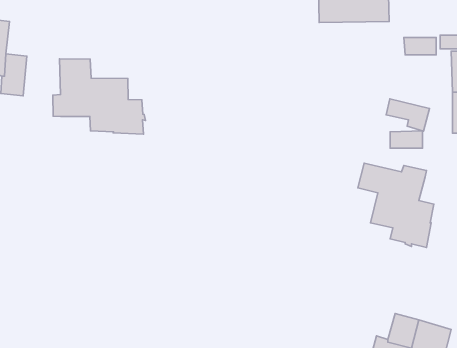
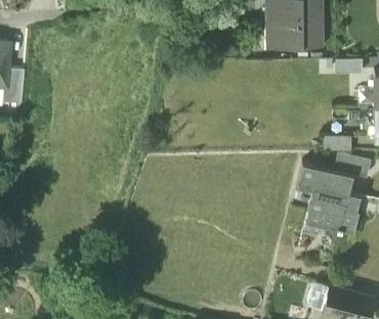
building: [53,59,146,134] -> none
building: [386,99,430,131] -> [335,152,371,179]

